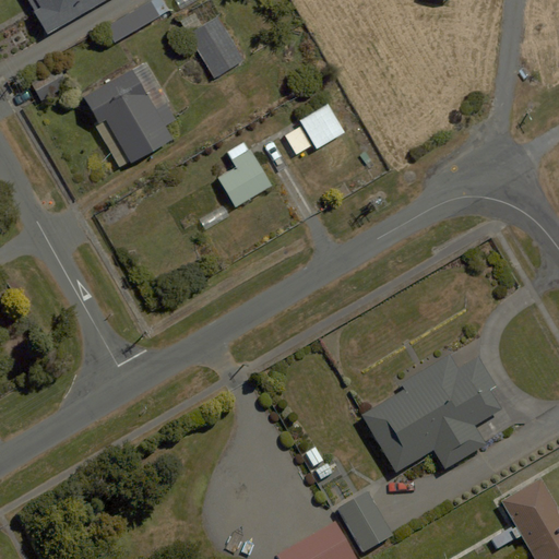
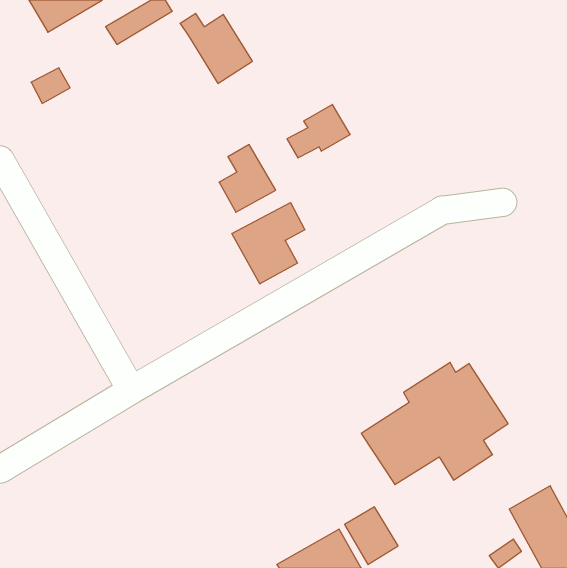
building: [85,60,181,168] -> none
building: none -> [232,203,305,284]

